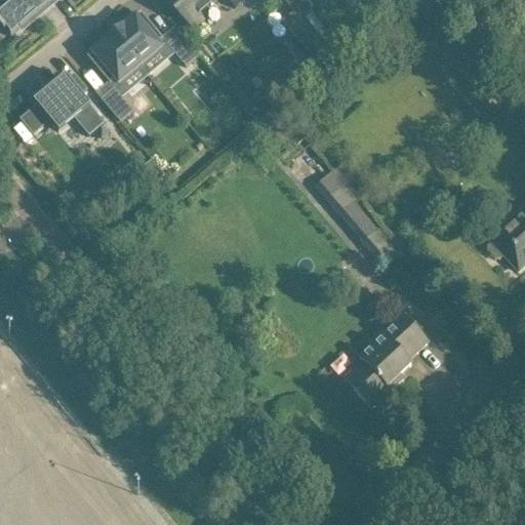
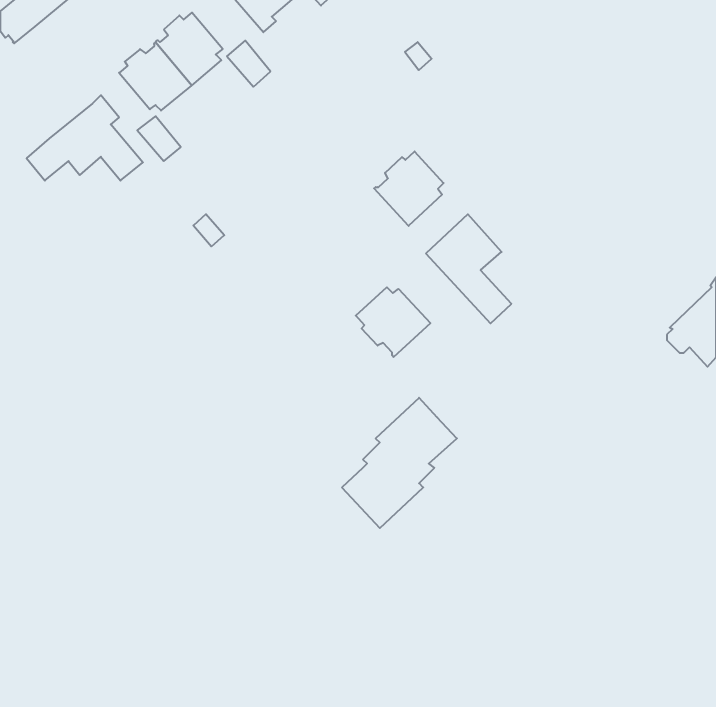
building: none -> [374,151,444,226]
building: none -> [356,287,430,357]
building: [344,310,428,405] -> [342,398,457,528]

